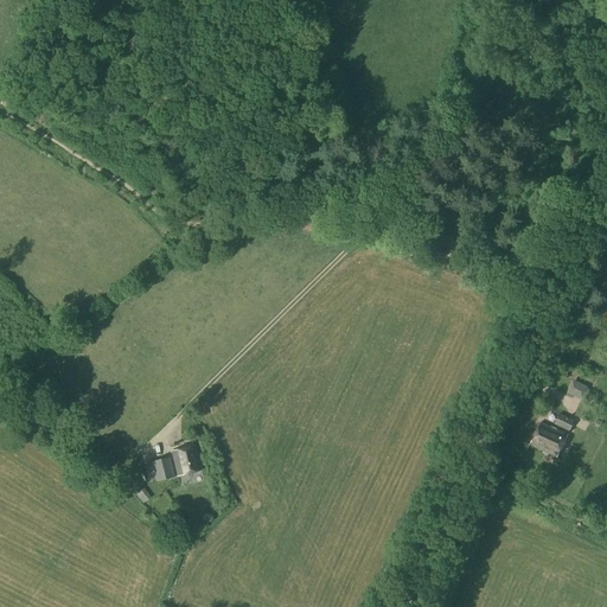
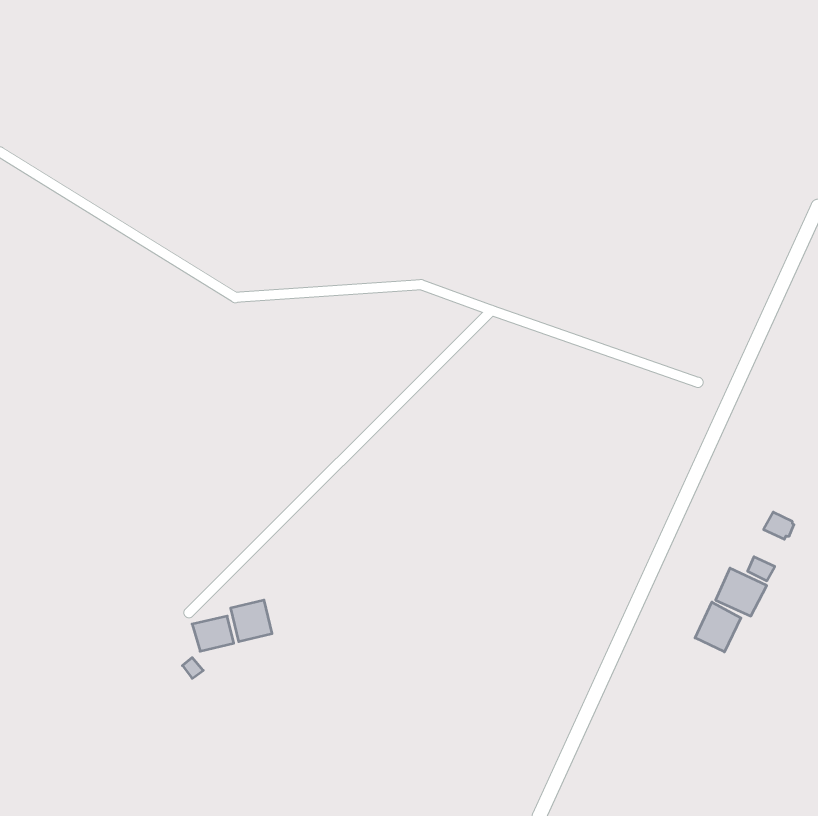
building: none -> [695,602,741,652]

